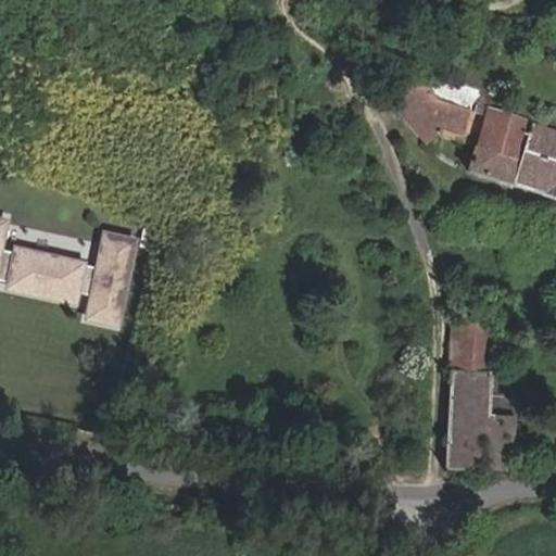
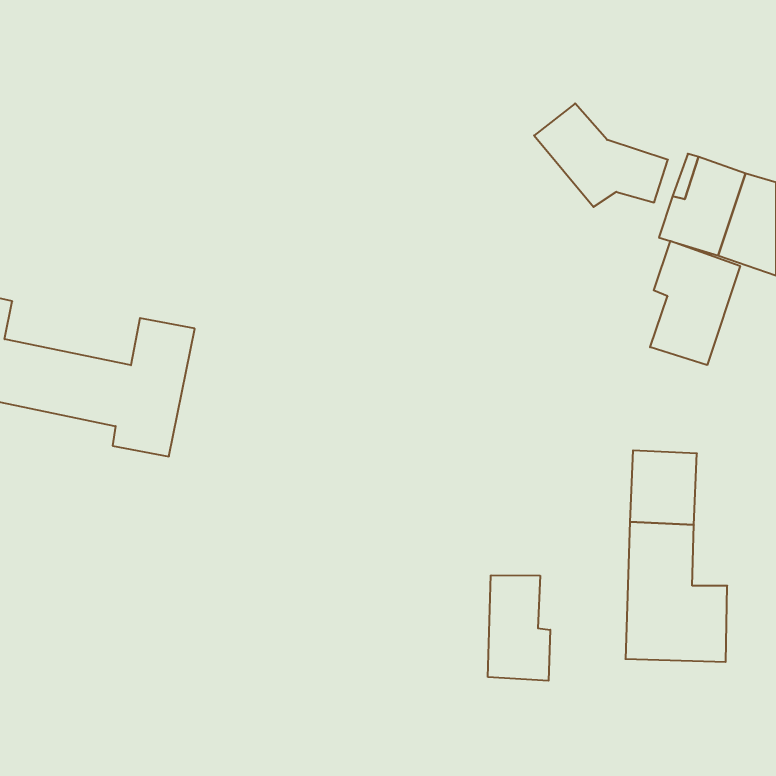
building: none -> [650,241,740,365]
building: none -> [488,575,550,681]

